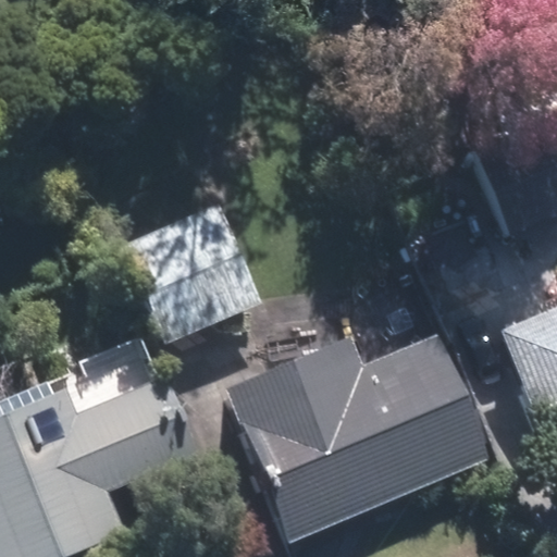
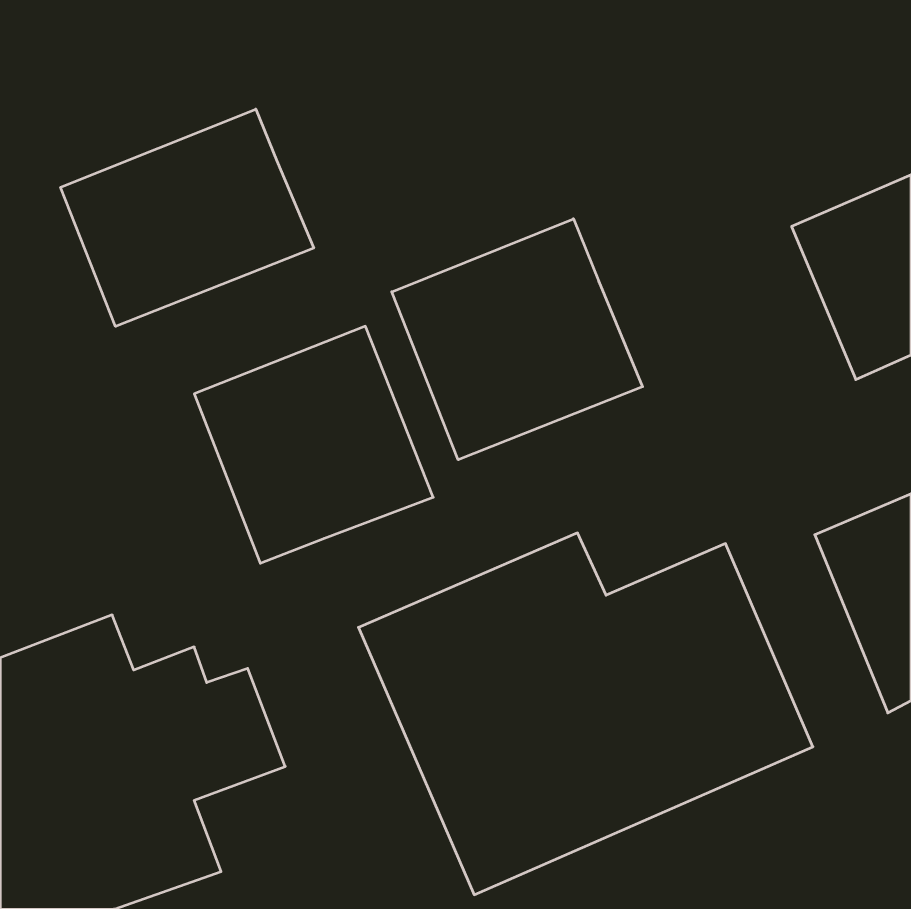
building: none -> [61,109,314,326]
building: none -> [392,219,643,460]

